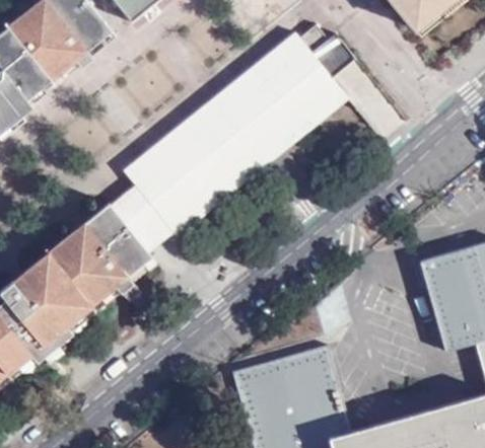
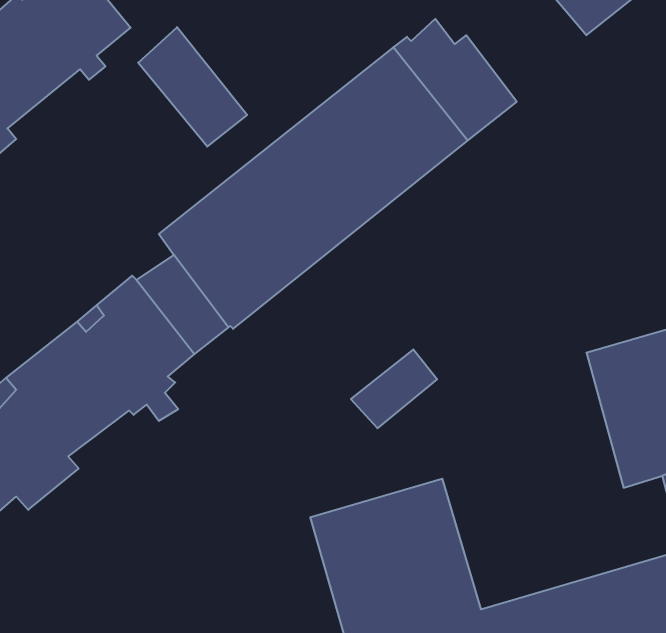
building: none -> [138,27,247,147]
building: none -> [351,349,437,428]

